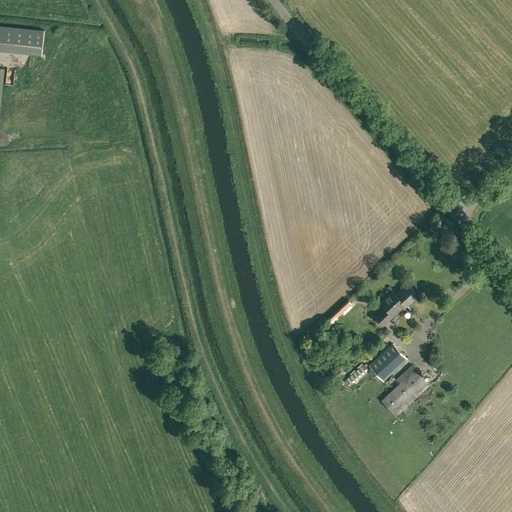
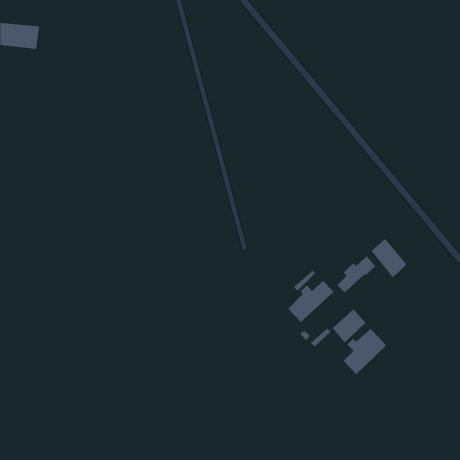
building: none -> [371,238,407,278]
building: none -> [287,280,335,323]

